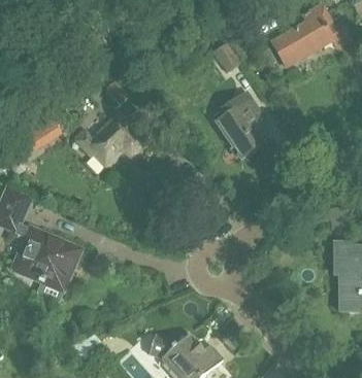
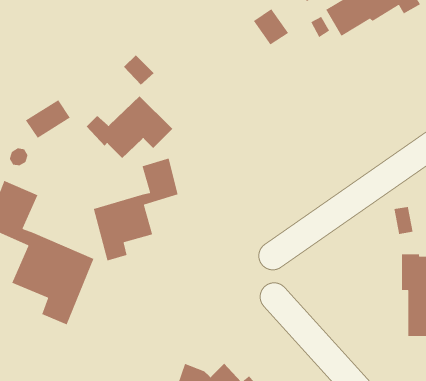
building: [217,90,266,159] -> none
building: none -> [93,158,179,262]

